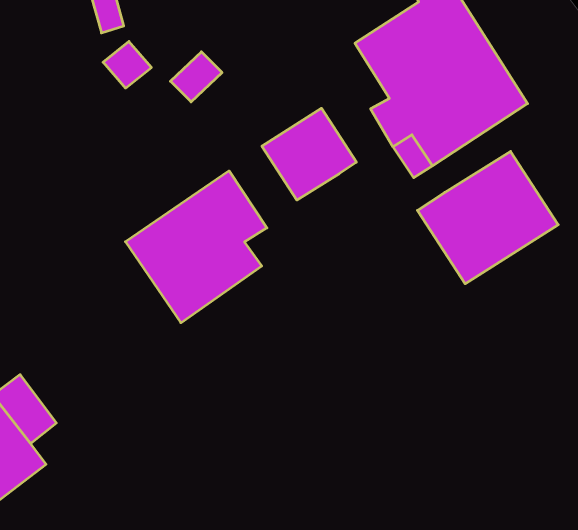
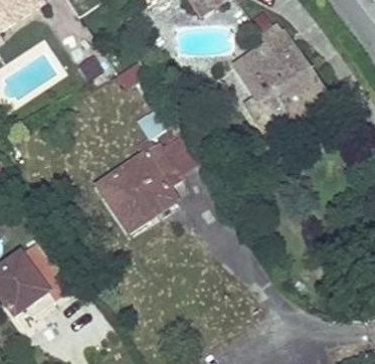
building: [262,108,356,200] -> none
building: [417,151,558,284] -> none

